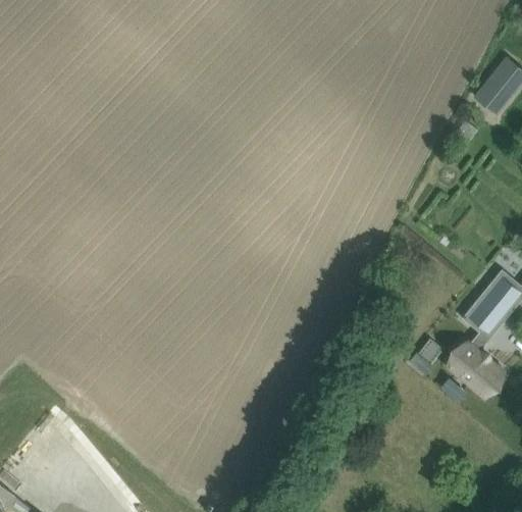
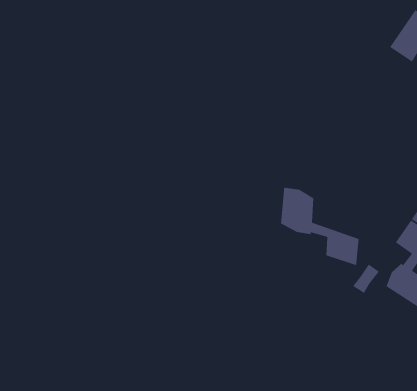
building: none -> [280,187,359,266]

